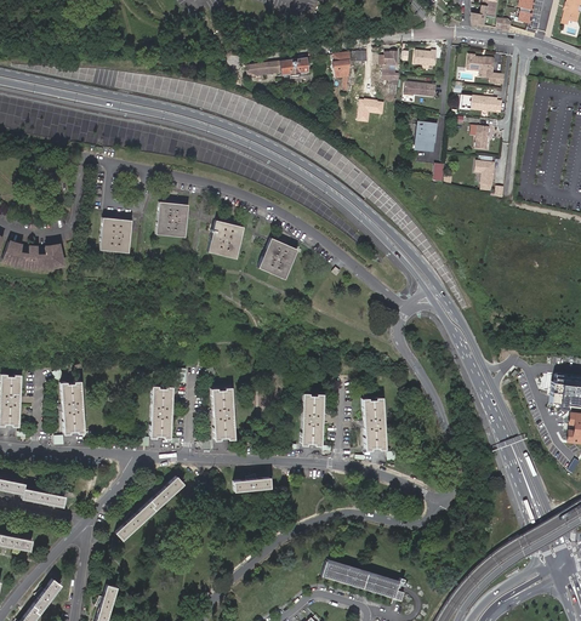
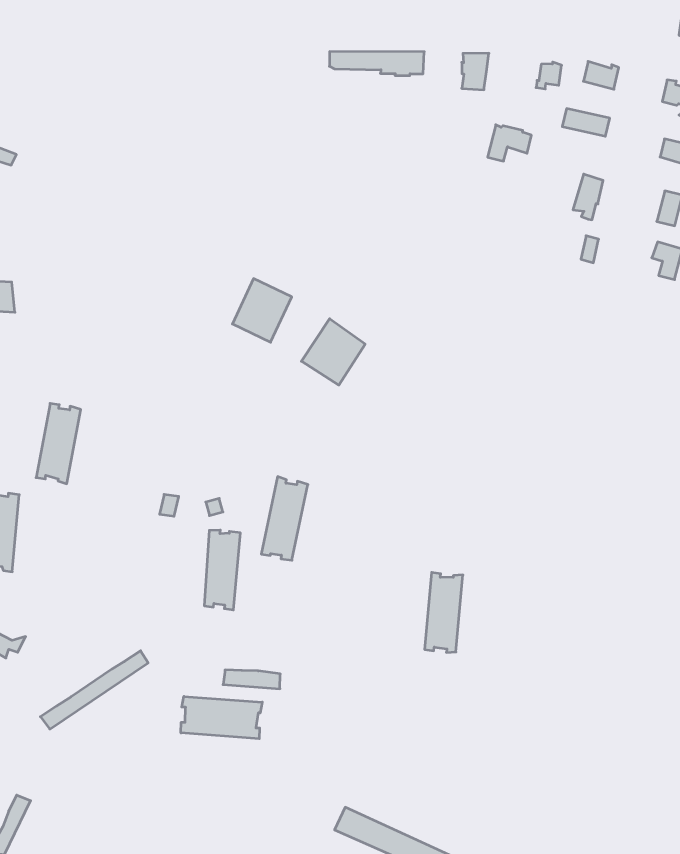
building: [158,201,189,238] -> none
building: [101,217,133,252] -> none
building: [150,388,173,439] -> [36,403,81,484]
building: [300,391,324,444] -> [261,477,308,560]
building: none -> [181,696,262,739]

